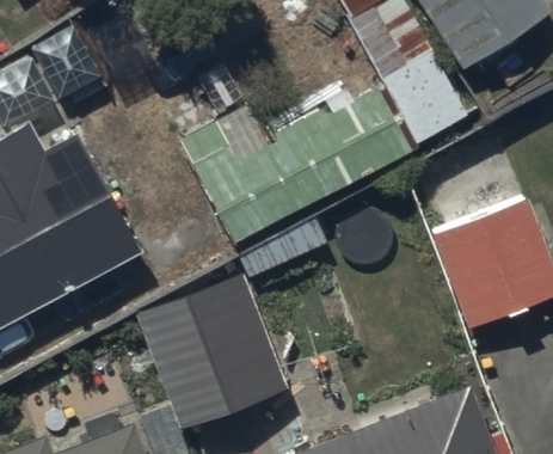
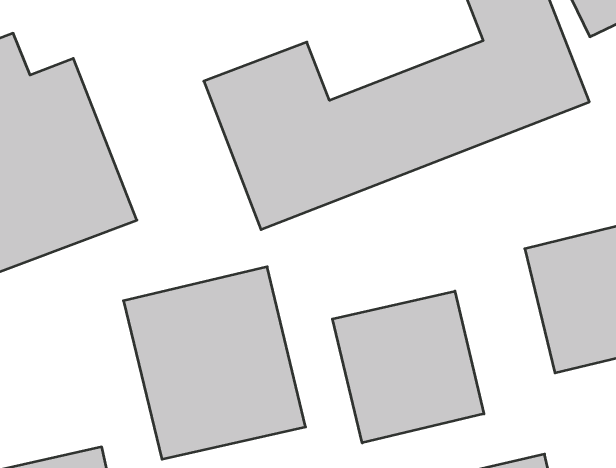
building: none -> [332,291,484,443]

